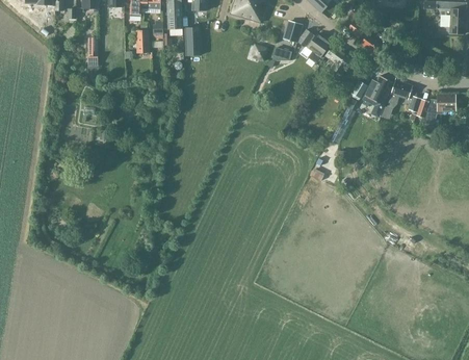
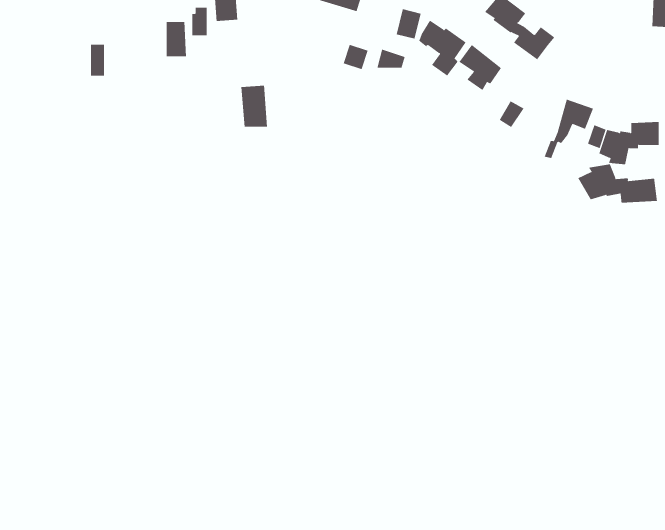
building: [183,27,201,54] -> [241,85,268,127]
building: [364,75,393,104] -> none
building: none -> [577,163,657,203]

